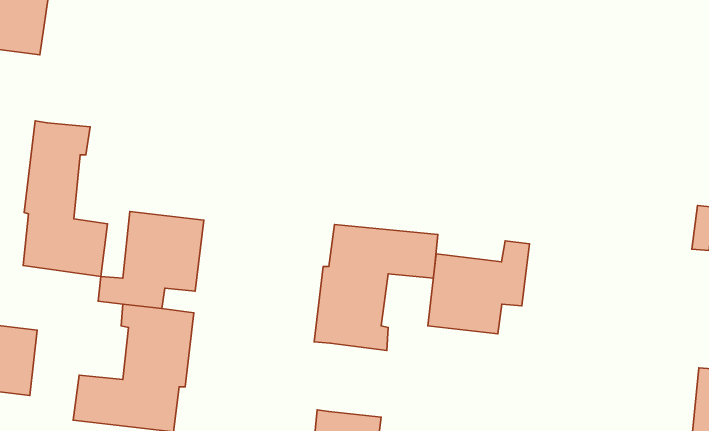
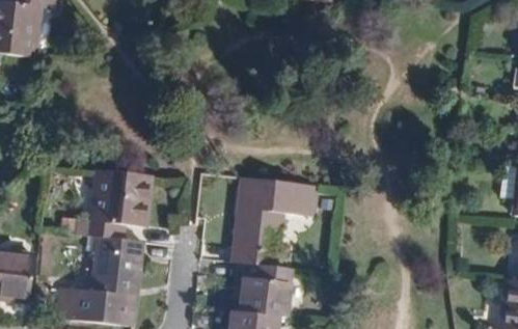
building: [23,121,108,277] -> none
building: [428,241,529,334] -> none
building: none -> [240,262,291,316]

